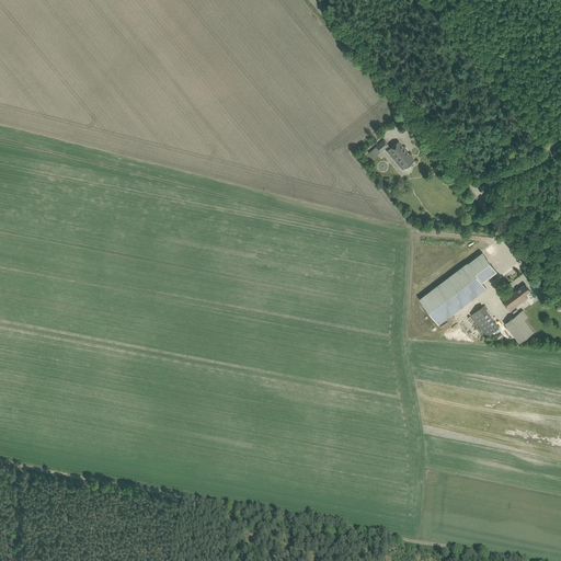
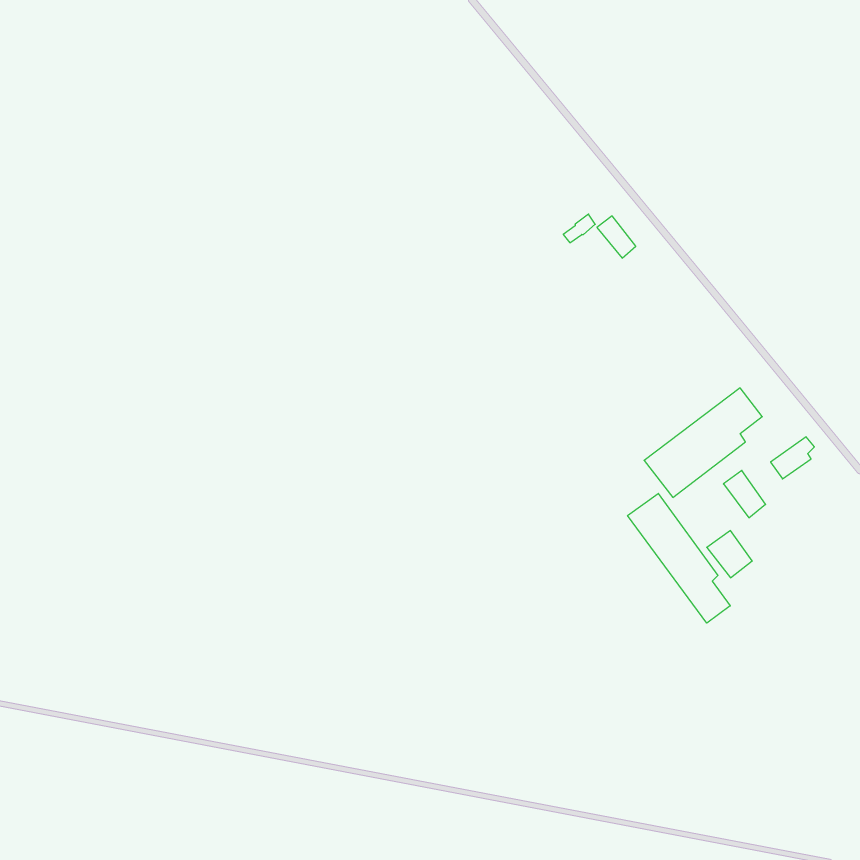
building: [503,313,533,344] -> [707,531,752,578]
building: none -> [628,493,730,623]

